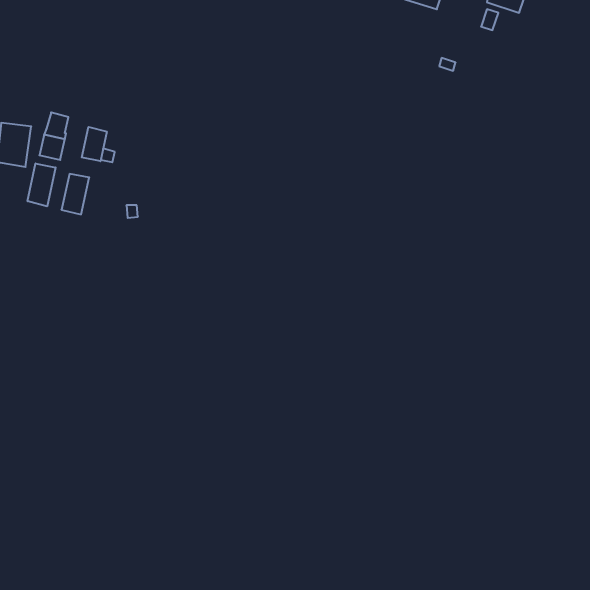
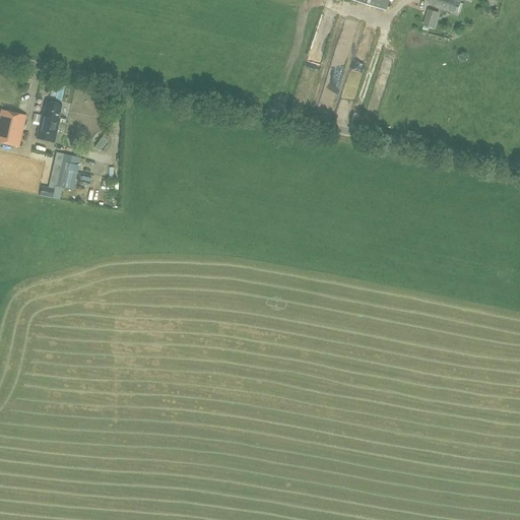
building: [82,127,107,161] -> none
building: [28,163,56,206] -> none

